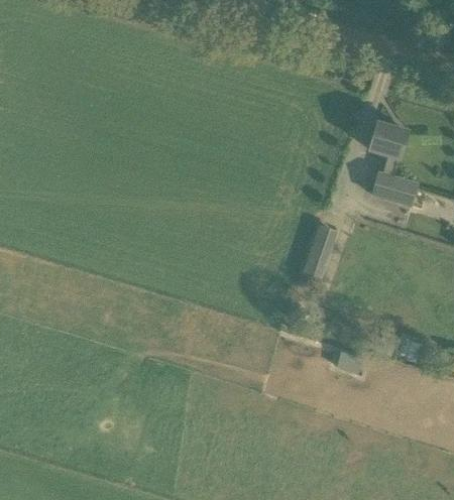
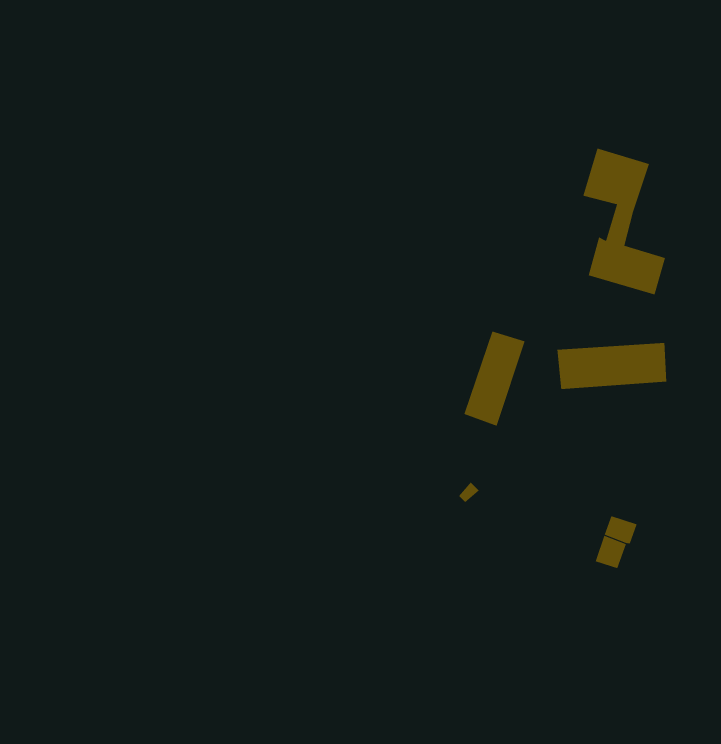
building: none -> [557,342,667,390]

